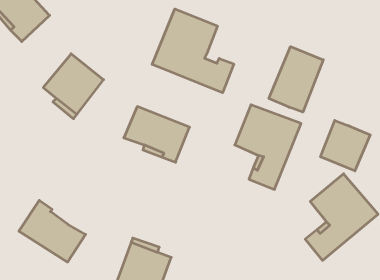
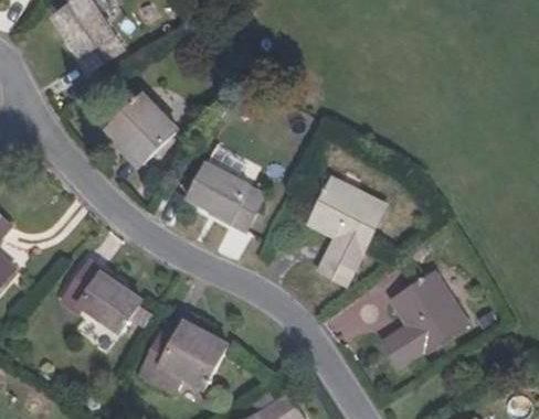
building: [152,9,234,93] -> none
building: [269,47,323,112] -> none
building: [321,120,370,171] -> none

